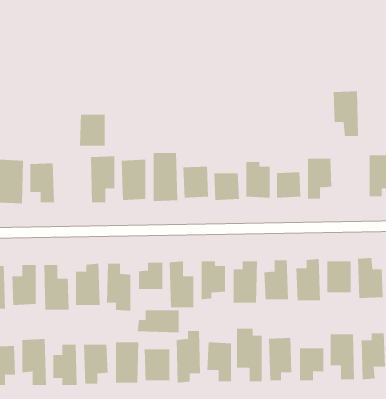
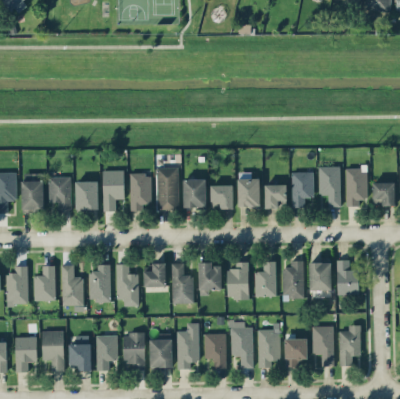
building: [333,91,359,136] -> [318,166,341,206]
building: [79,114,105,146] -> [75,181,98,209]
building: [137,309,179,333] -> none

